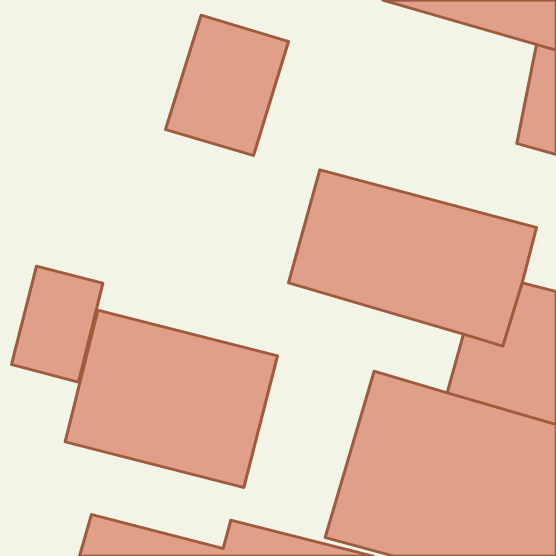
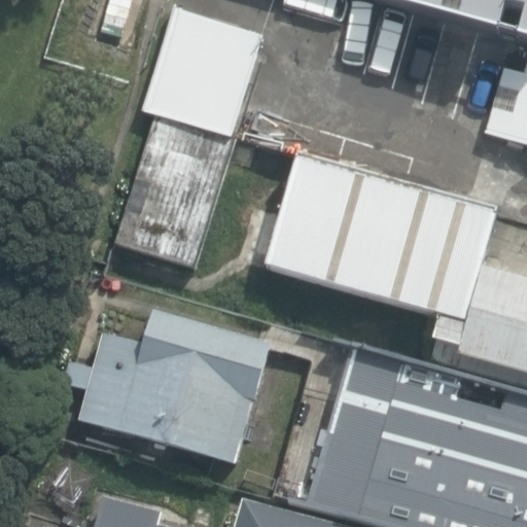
building: none -> [118,122,240,272]
building: [12,266,103,382] -> none

